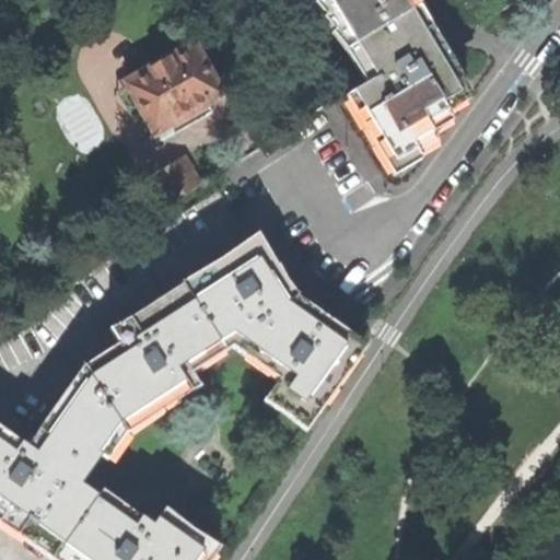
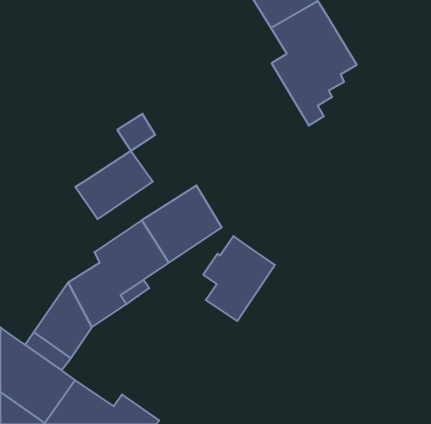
building: [126,33,224,126] -> none
building: none -> [75,151,153,219]
building: [230,295,303,357] -> none

